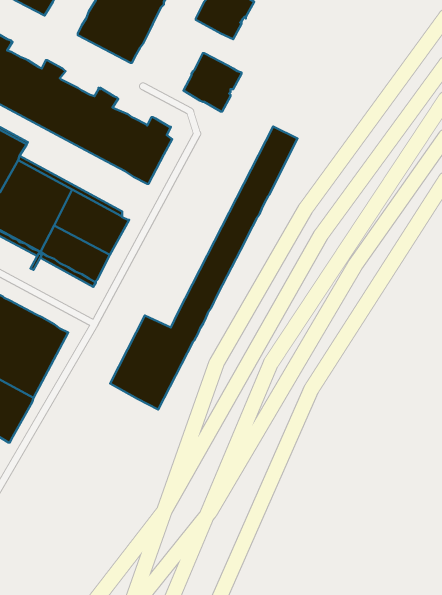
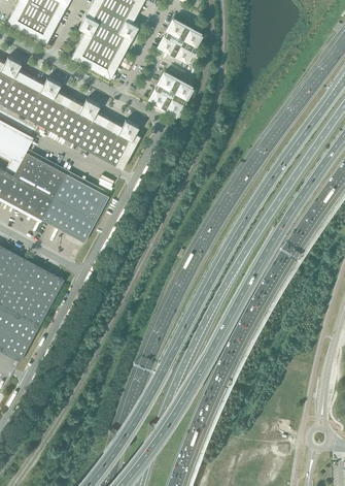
building: [110,127,297,409] -> none

